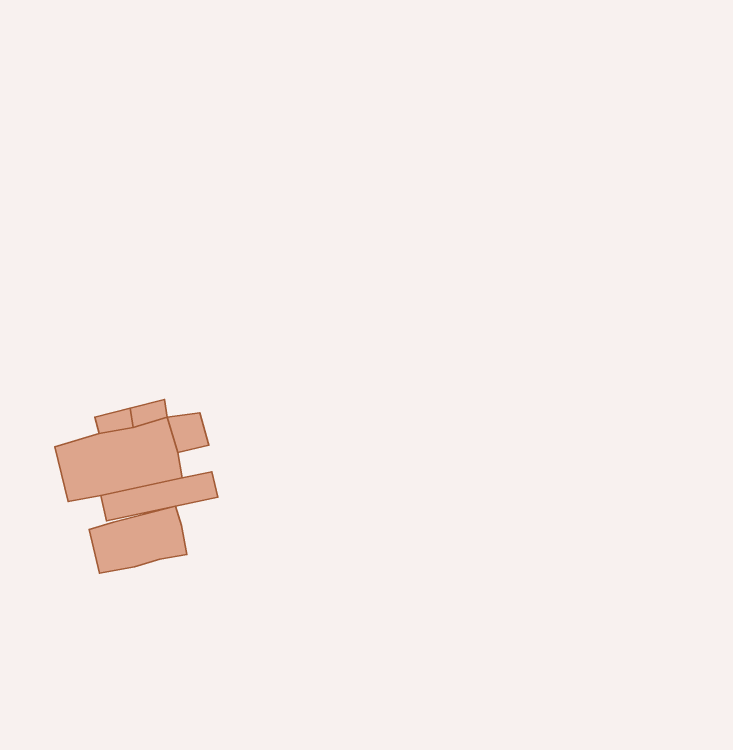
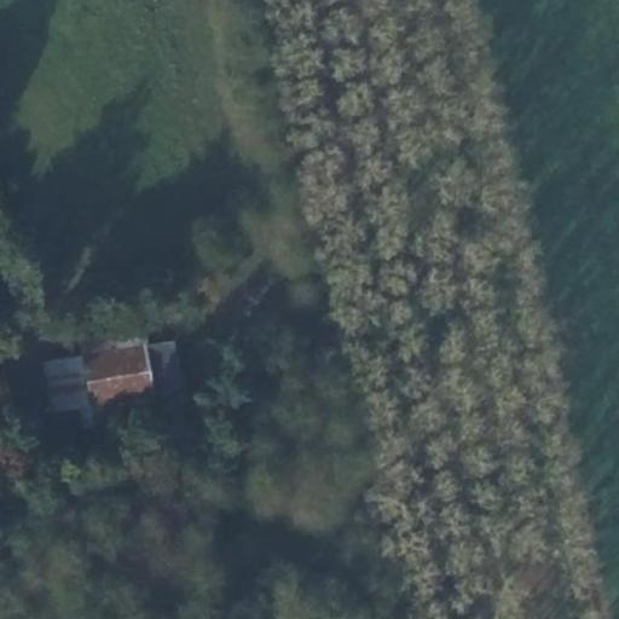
building: [89,506,187,573] -> none

